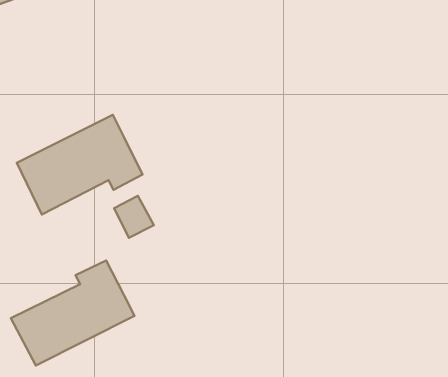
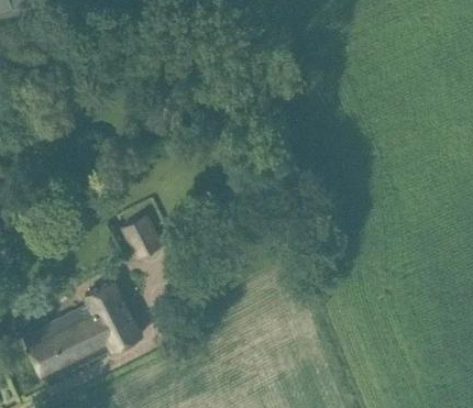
building: [17,115,143,215] -> none

